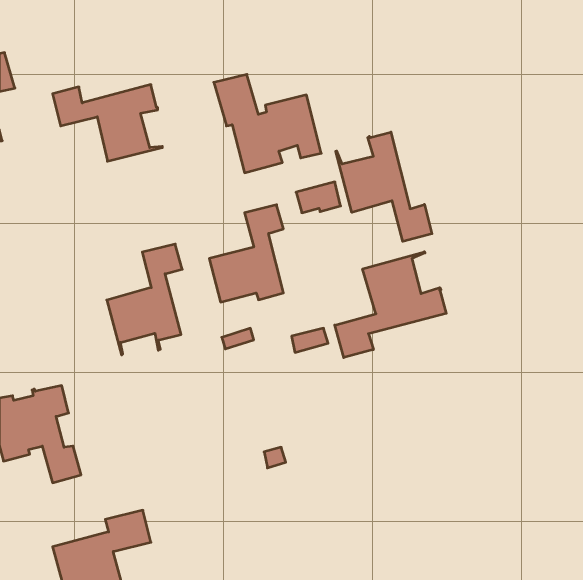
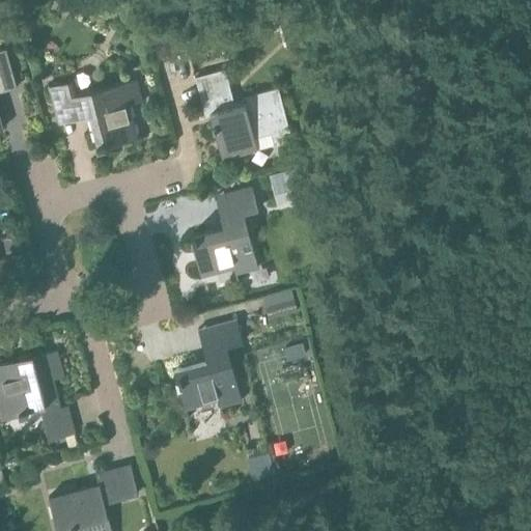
building: [336,132,432,241] -> none
building: [107,244,182,355] -> [173,322,242,422]
building: [335,252,446,358] -> none

